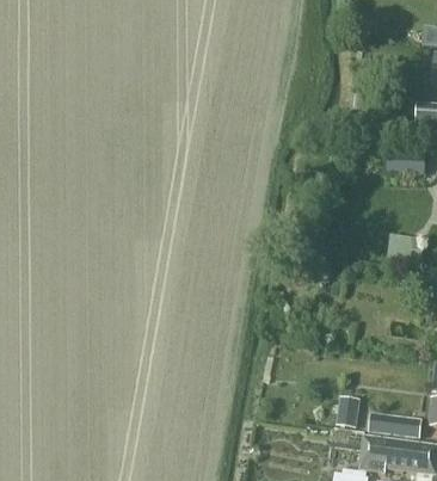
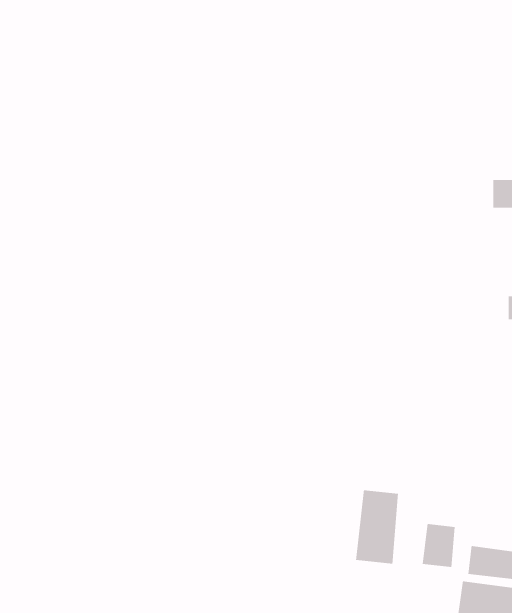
building: none -> [356,490,399,565]

